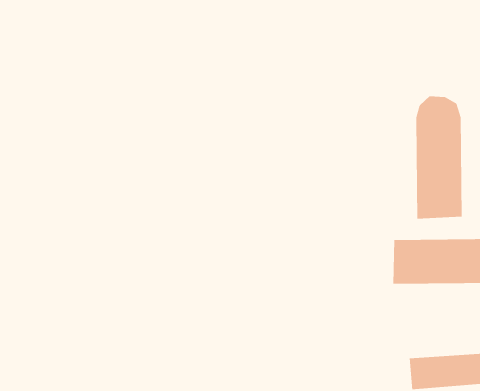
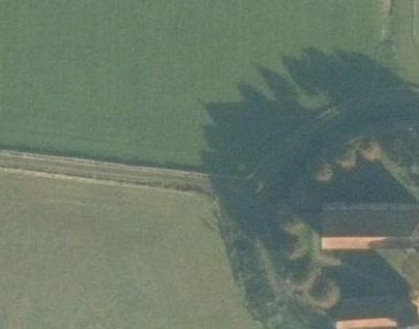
building: [416,96,462,219] -> none

